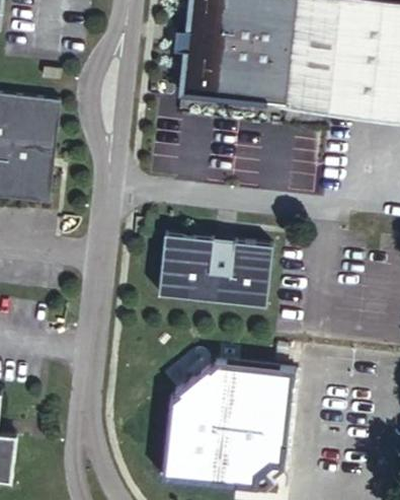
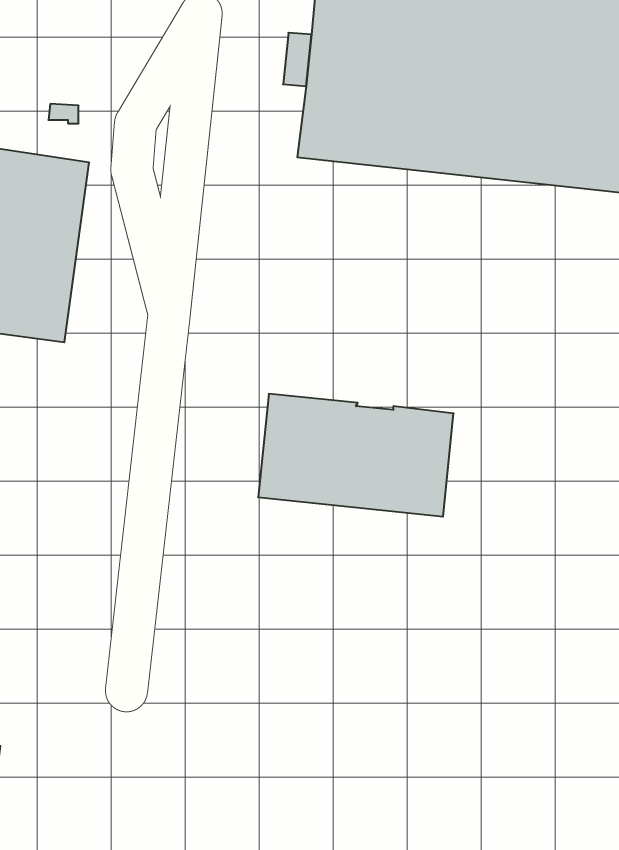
building: [162,360,292,485] -> none

